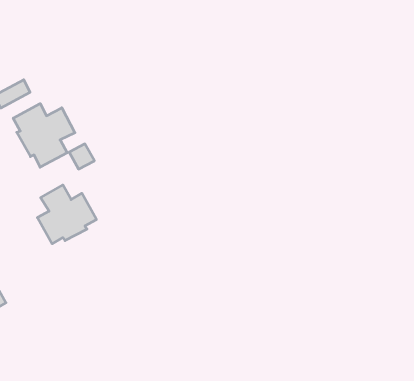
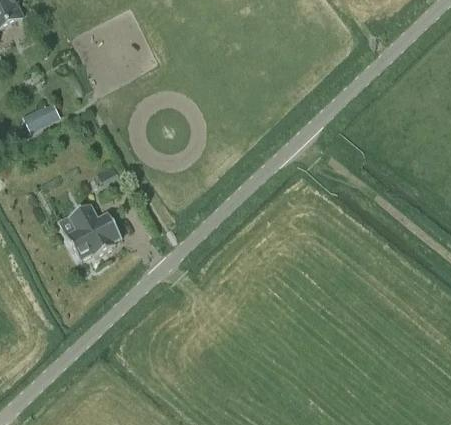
building: [13,104,75,167] -> none

